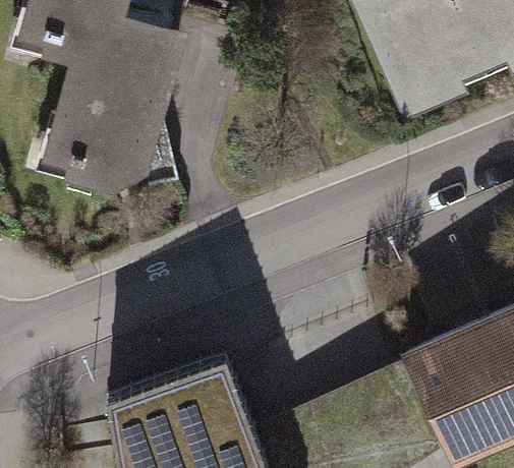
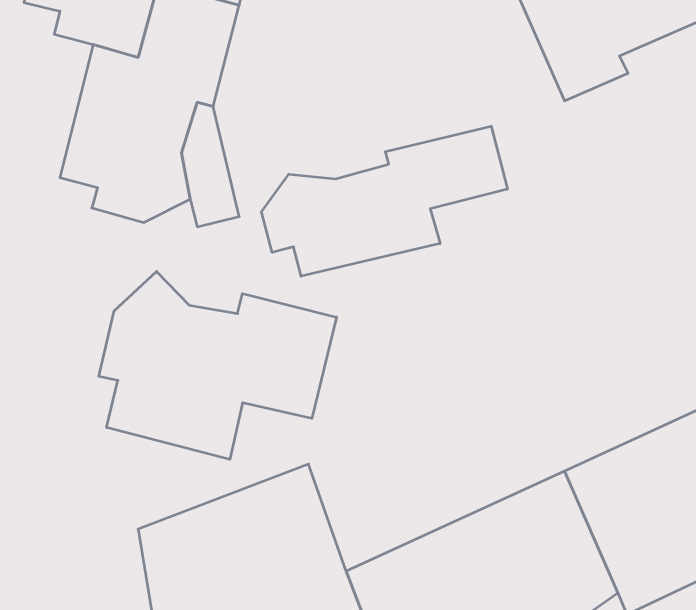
building: none -> [261,126,507,276]
building: none -> [99,271,337,459]

